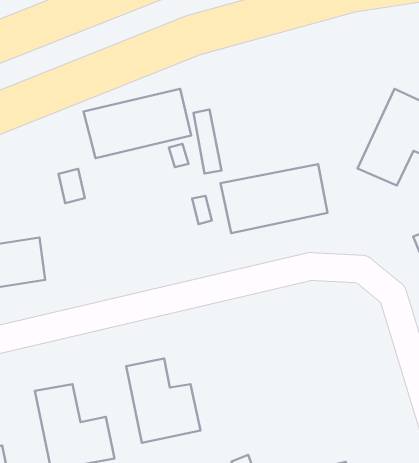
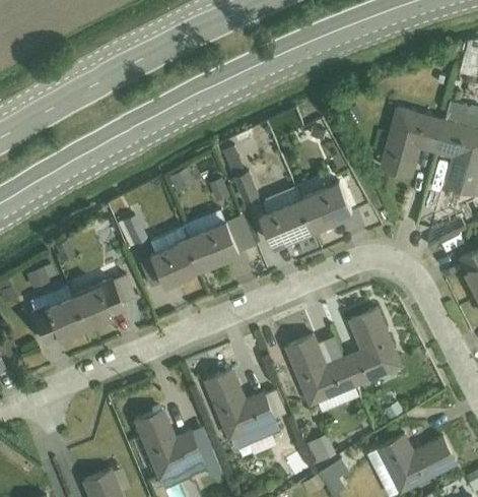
building: [83,89,191,158] -> [146,215,243,288]
building: none -> [286,307,402,405]

